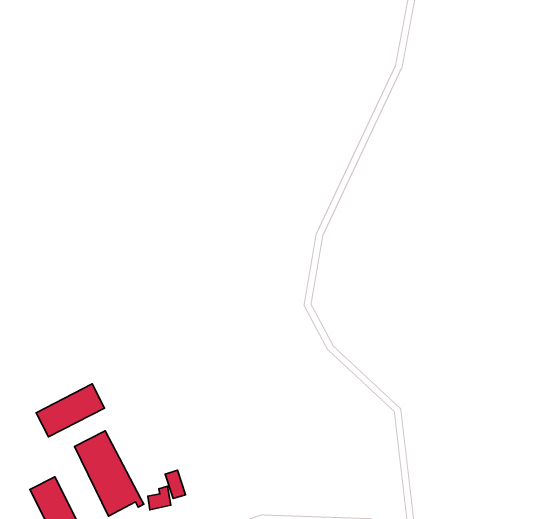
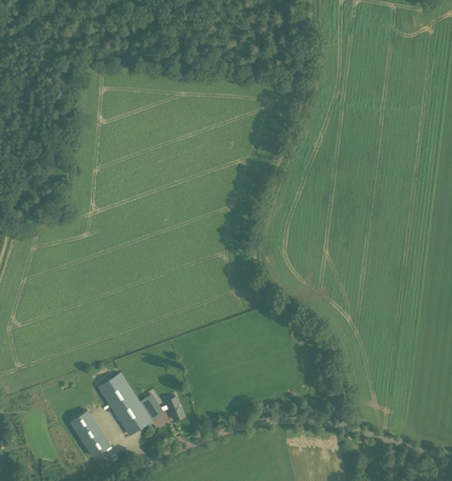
building: [36,384,104,437] -> none

